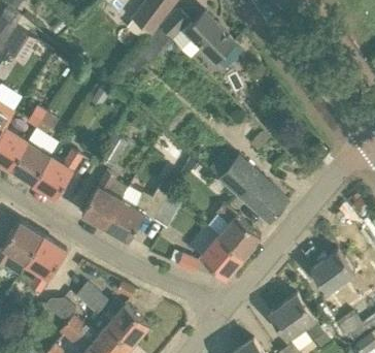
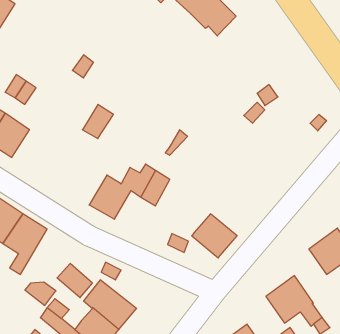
building: [33,152,80,198] -> none
building: [209,154,288,223] -> none
building: [81,171,122,228] -> none
building: [215,204,261,257] -> none

